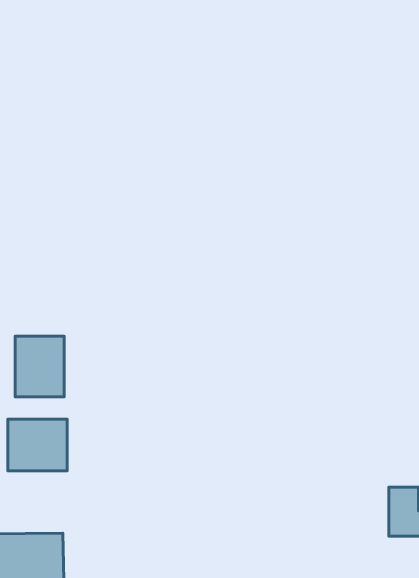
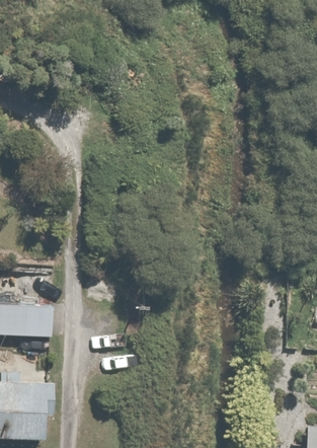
building: [15,336,64,397] -> none

